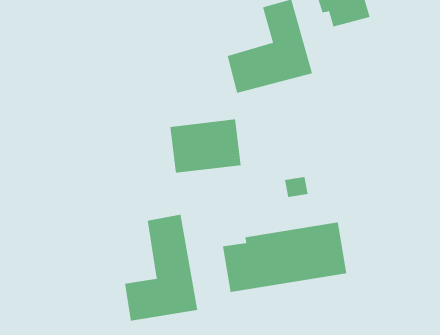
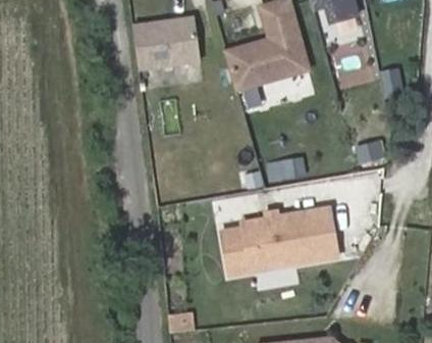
building: [170,119,241,173] -> [137,20,203,70]
building: [125,214,198,322] -> none

